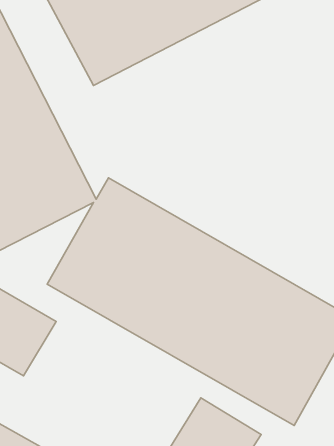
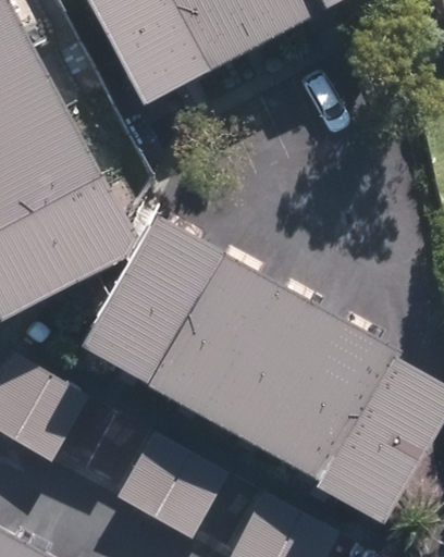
building: none -> [113,429,234,542]

